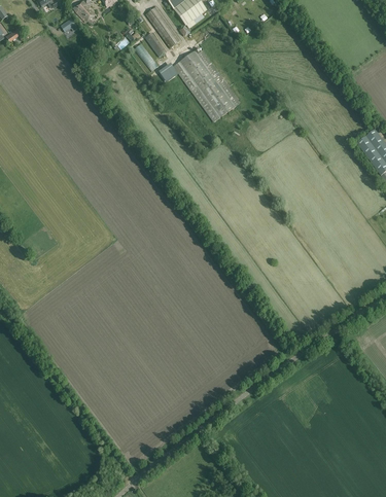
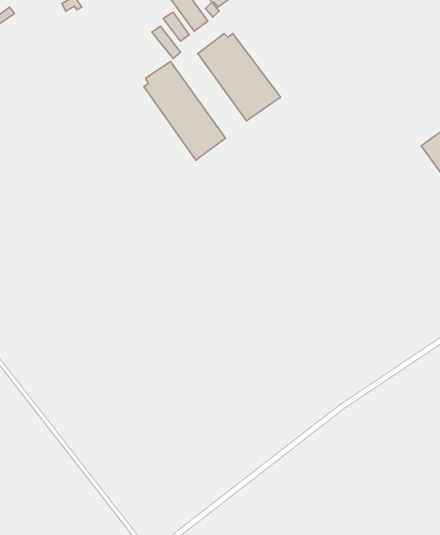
building: none -> [144,61,226,160]

